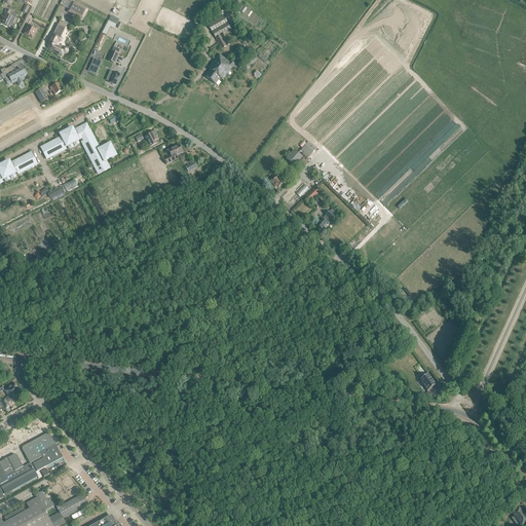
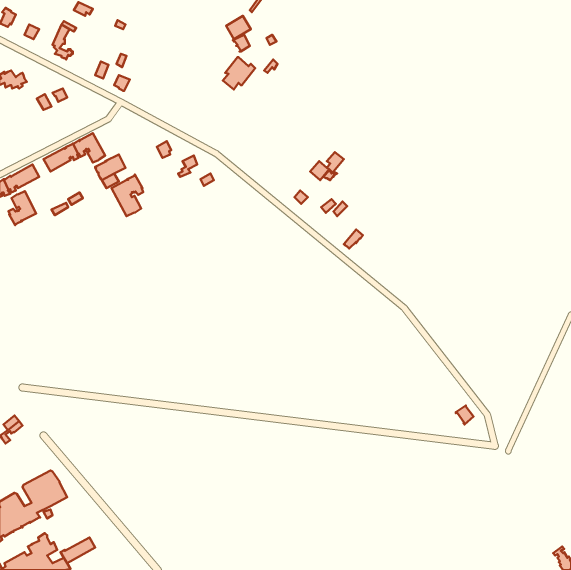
building: none -> [112,175,143,216]
building: none -> [9,191,36,225]

